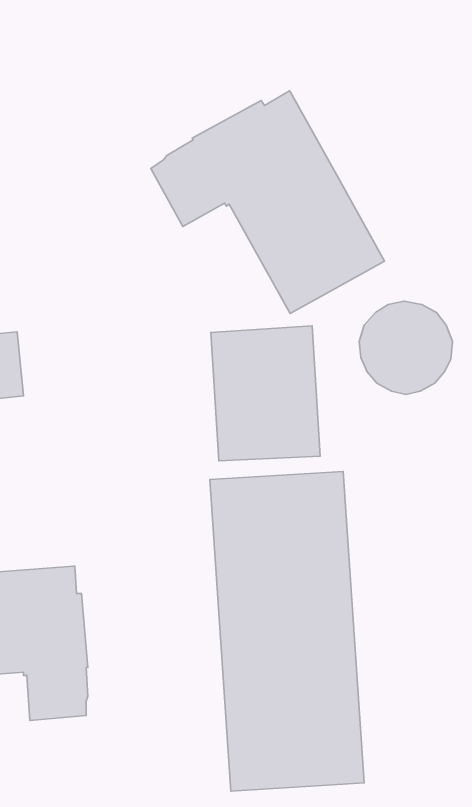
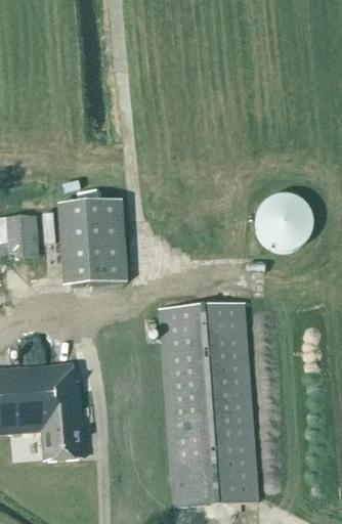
building: [151,91,384,313] -> none
building: [211,326,320,461] -> [57,199,127,285]

